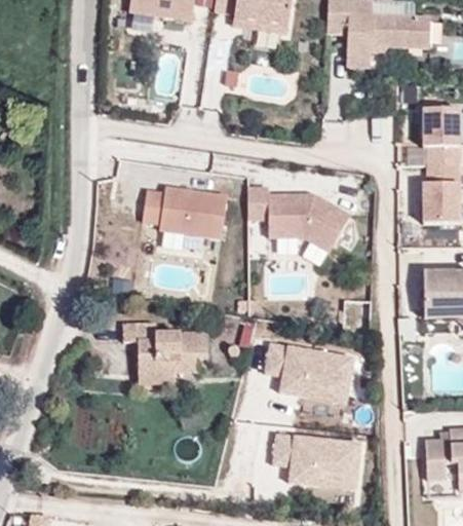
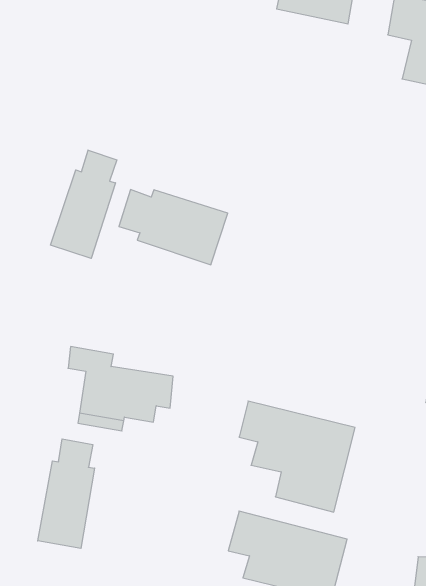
building: none -> [51,150,117,258]
building: [246,188,349,252] -> none
building: none -> [38,439,95,548]

